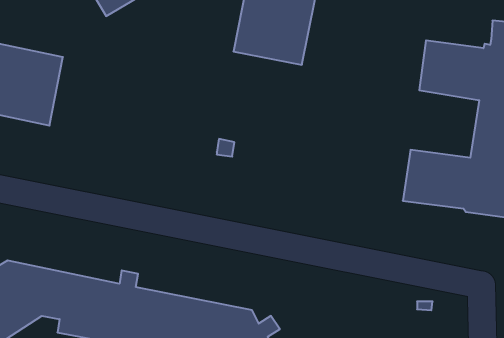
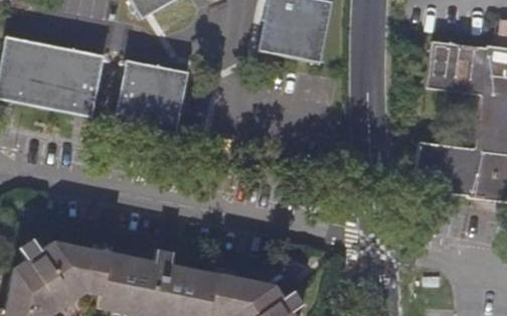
building: none -> [115,59,188,133]

